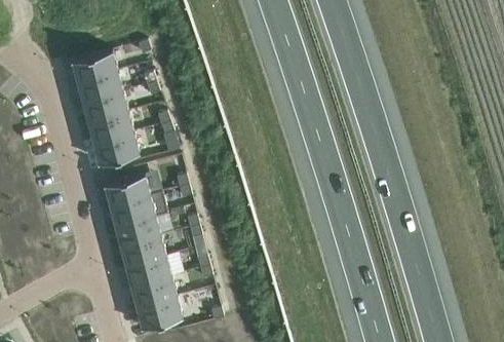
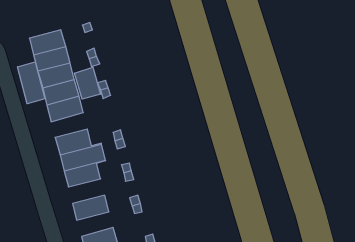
building: none -> [18,62,45,104]
building: none -> [74,67,101,99]
building: [120,235,165,266] -> none
building: [130,276,176,307] -> none

